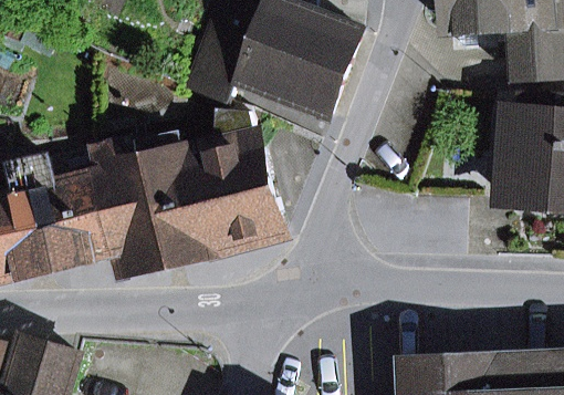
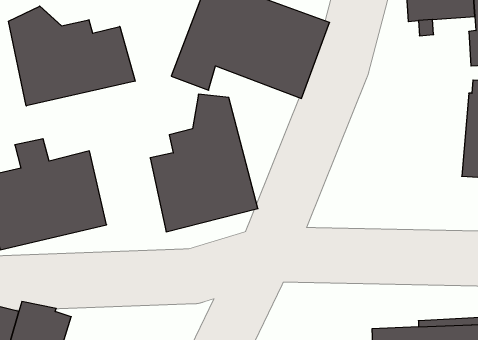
building: none -> [9,6,135,106]
building: [98,142,190,276] -> none

